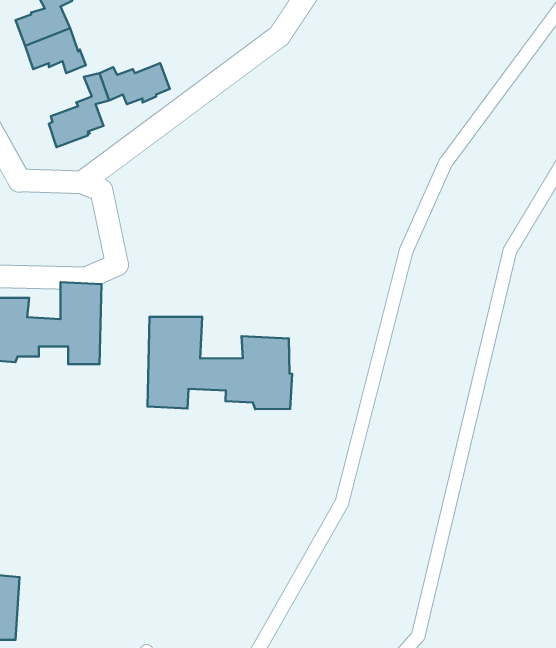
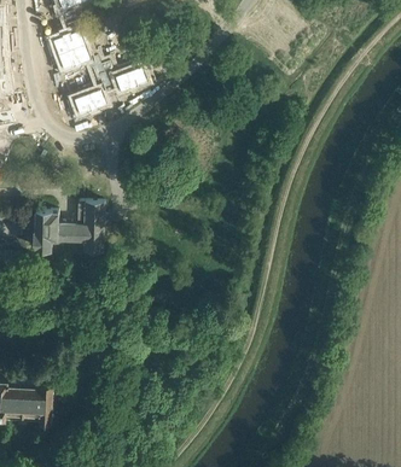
building: [147,317,292,409] -> none

